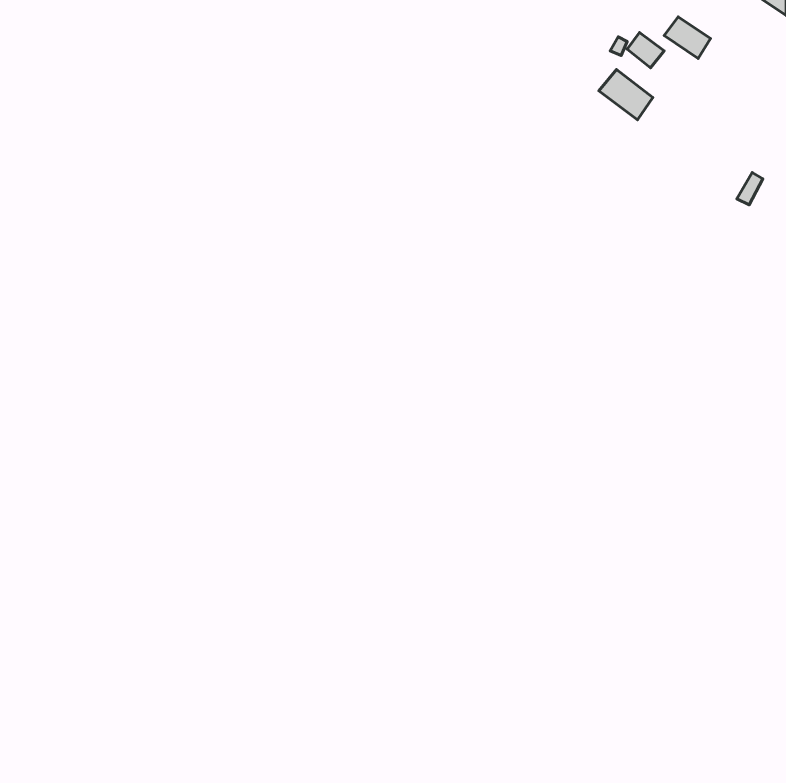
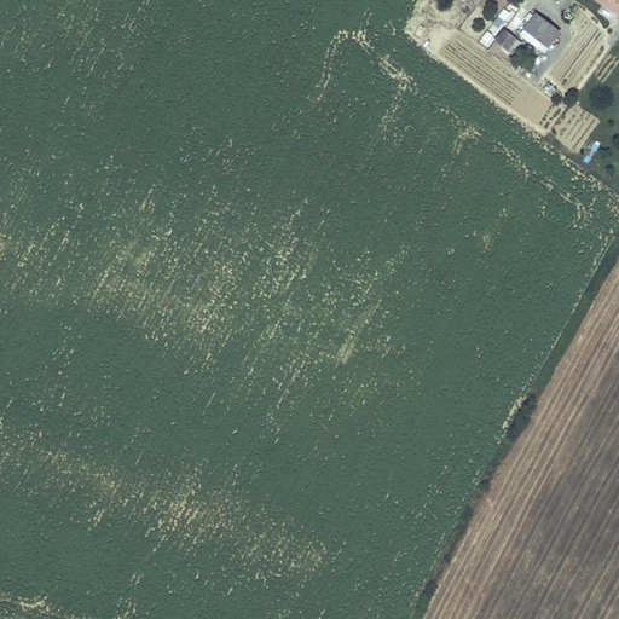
building: [599,70,653,120] -> none

